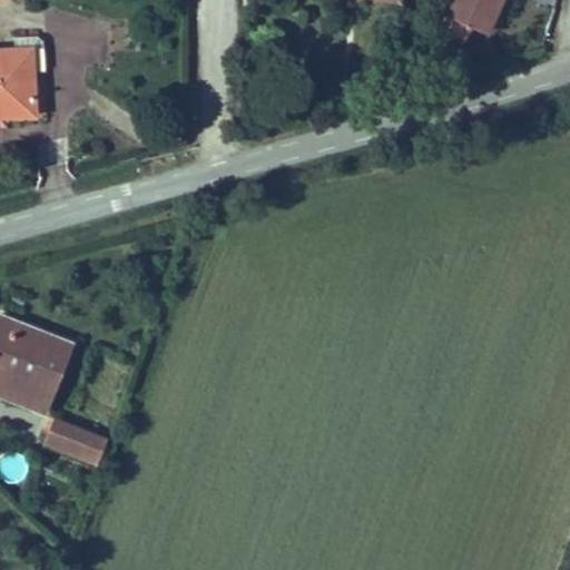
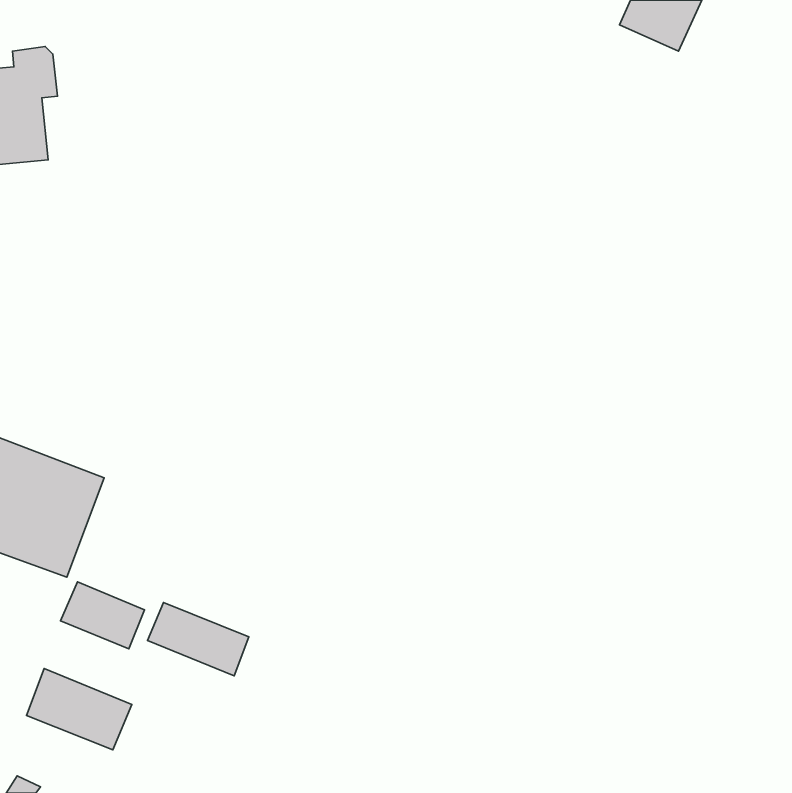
building: none -> [148,603,249,676]
building: none -> [27,669,132,750]

